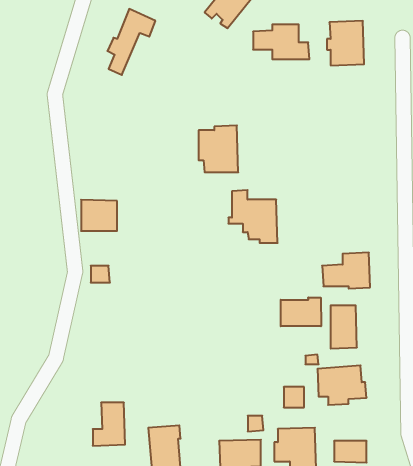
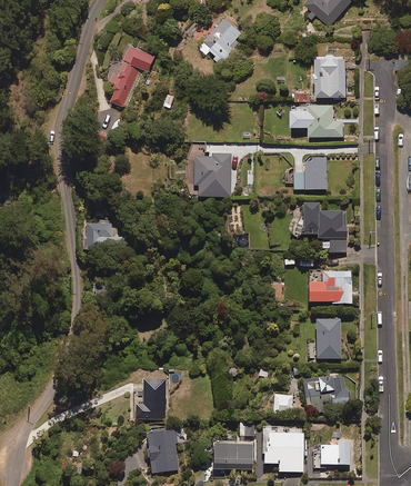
building: [253,24,309,59] -> [291,103,343,136]
building: none -> [292,158,325,189]
building: [228,190,278,243] -> [300,202,345,251]
building: [281,297,321,326] -> none
building: [93,403,125,446] -> [134,379,164,419]

